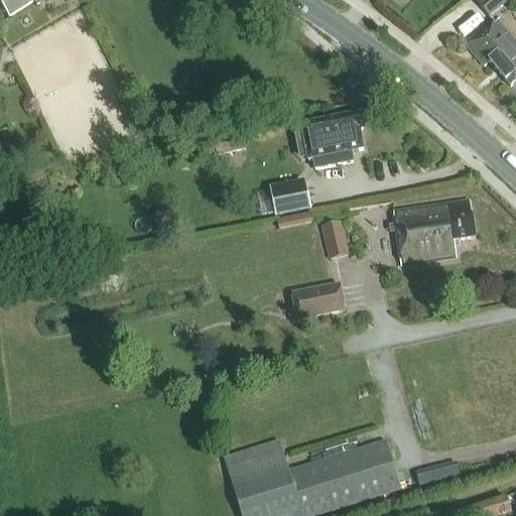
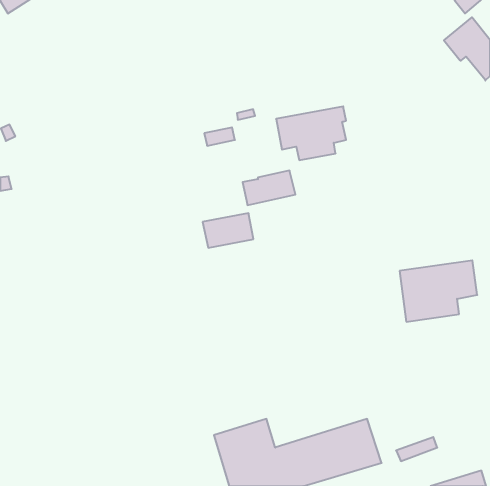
building: [394,200,476,264] -> [400,260,477,322]
building: [321,219,351,258] -> none
building: [291,281,345,317] -> [203,213,253,248]

